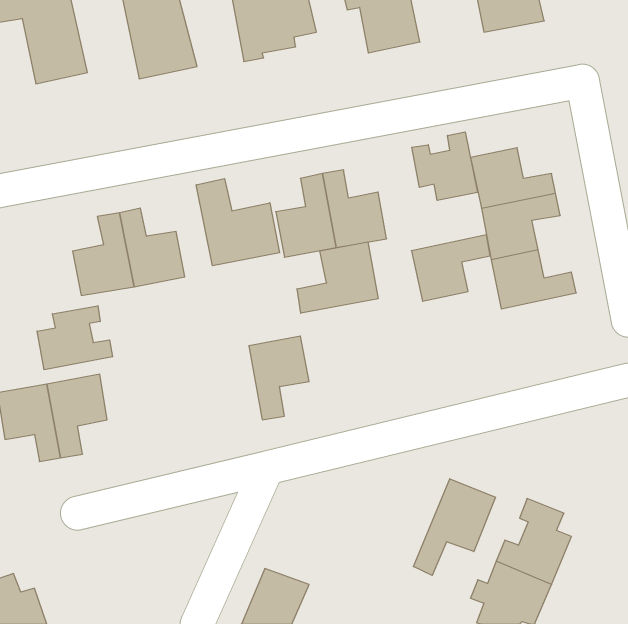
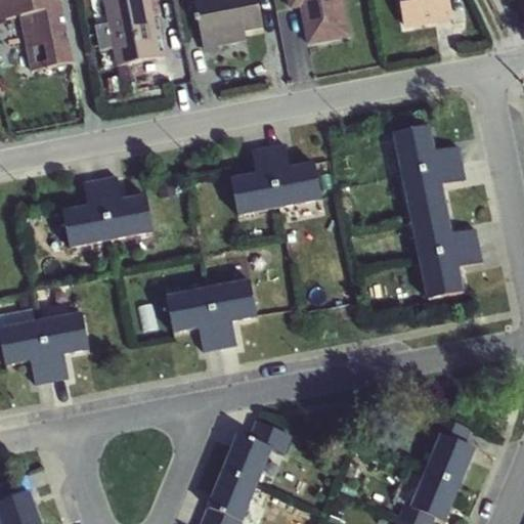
building: [412,132,478,200] -> none
building: [196,179,279,266] -> none
building: [411,235,490,301] -> [417,244,482,299]
building: [297,242,378,313] -> none
building: [37,306,113,370] -> none
building: none -> [165,288,218,352]
building: [413,479,496,575] -> none
building: none -> [220,420,292,486]

